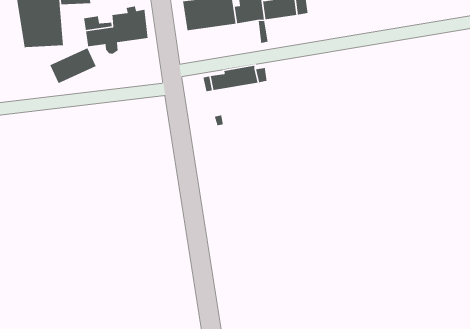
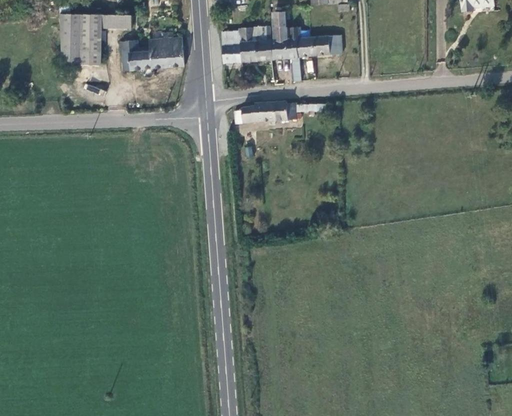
building: [49,47,97,84] -> none

